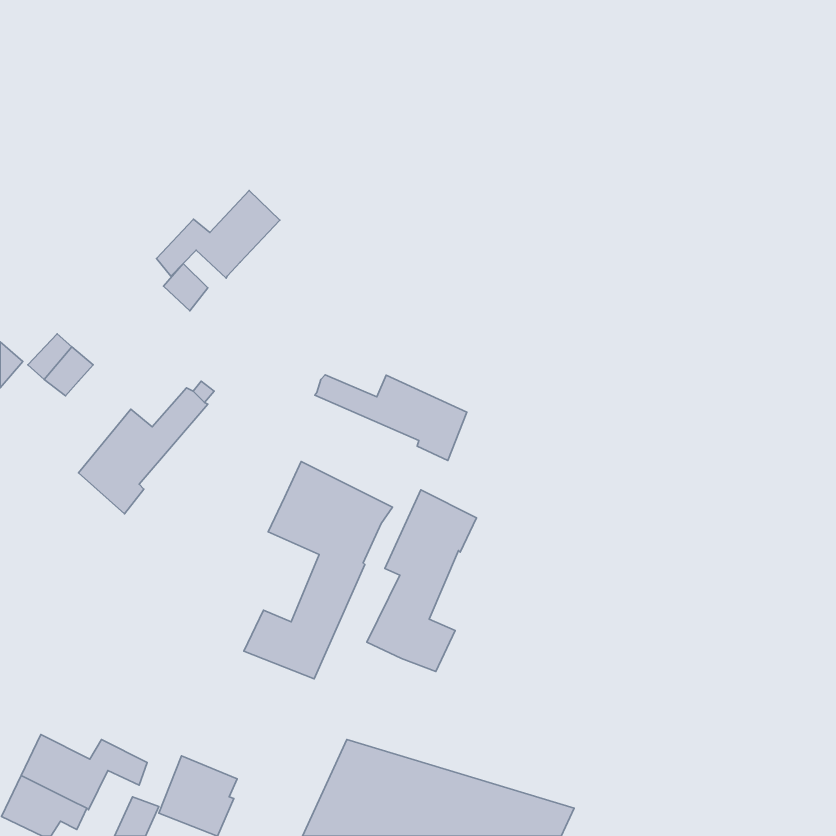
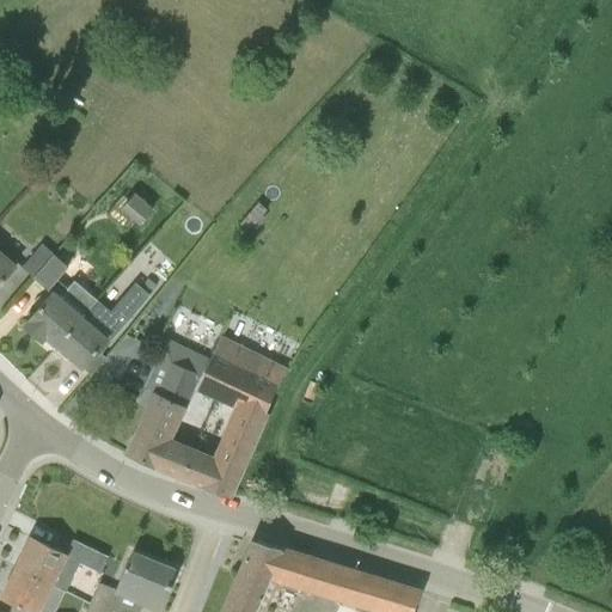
building: [157,190,280,278] -> none
building: [315,375,467,460] -> none
building: none -> [24,280,96,345]
building: [367,490,477,672] -> [128,343,208,476]

